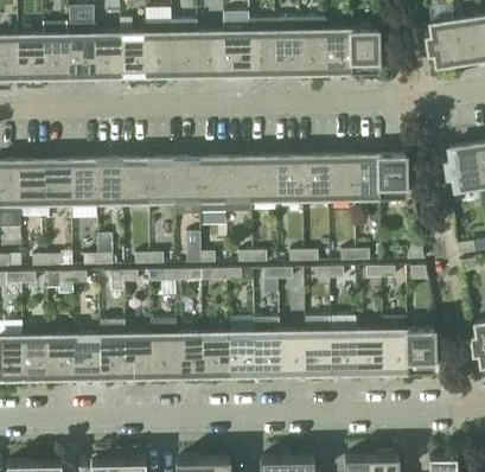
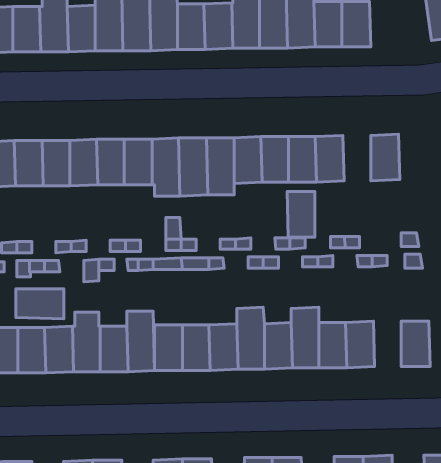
building: [353,155,379,198] -> [287,192,315,237]
building: none -> [16,289,64,319]
building: [382,330,408,372] -> none

